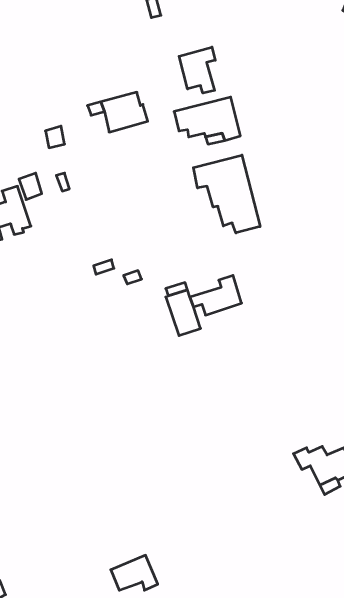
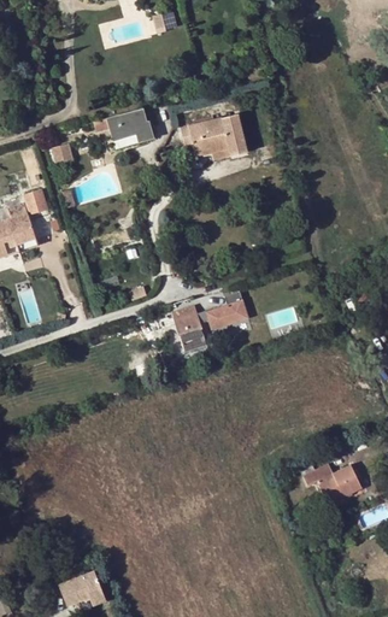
building: [179,47,215,93] -> none
building: [193,155,260,233] -> none
building: [111,555,158,590] -> [58,570,105,605]

